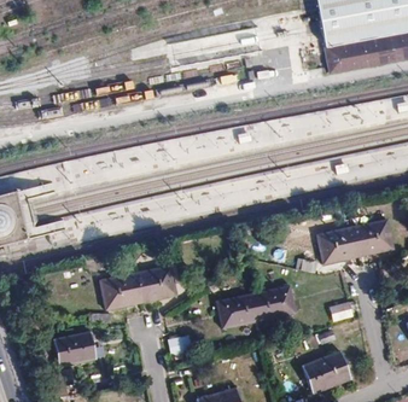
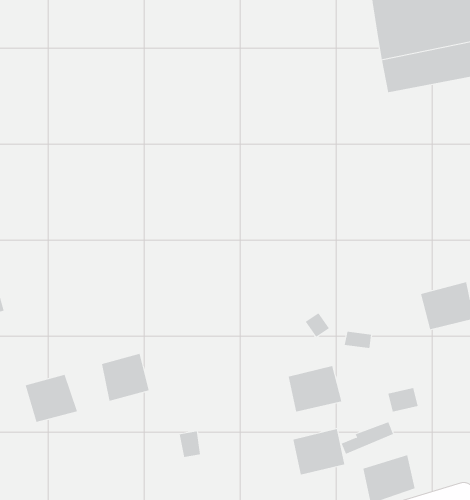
building: [320,229,360,266] -> none
building: [135,266,179,304] -> none
building: [215,293,256,330] -> [292,429,345,475]
building: [60,327,101,365] -> [25,374,78,422]

